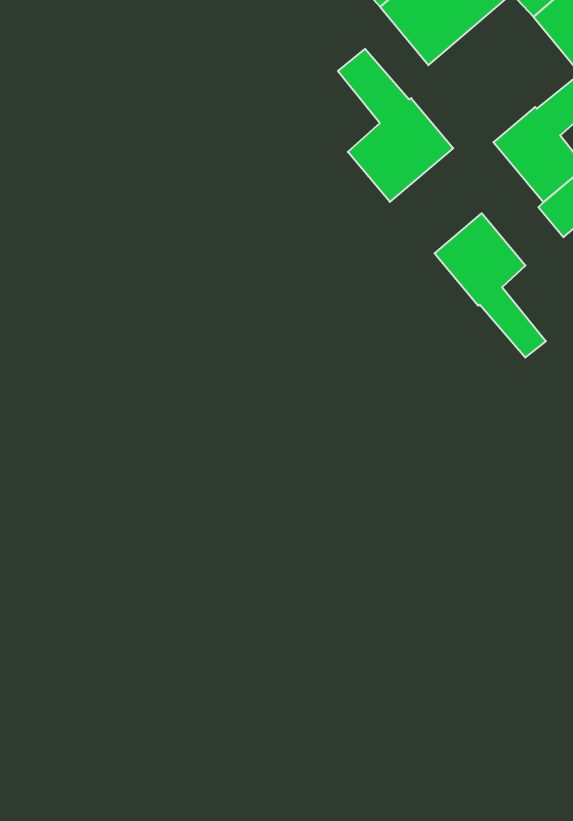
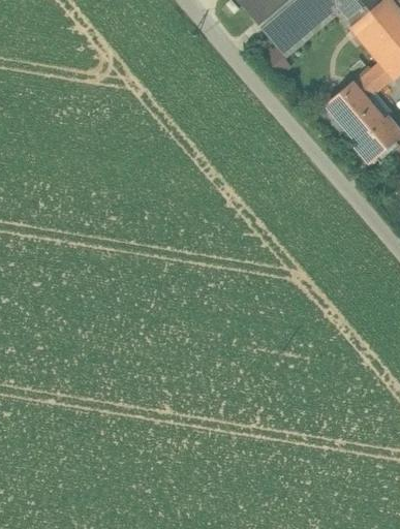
building: [338,49,453,202] -> none
building: [434,213,546,358] -> none

